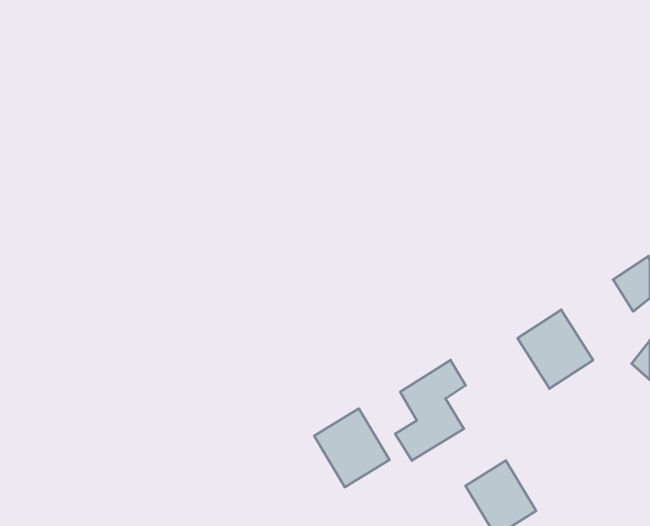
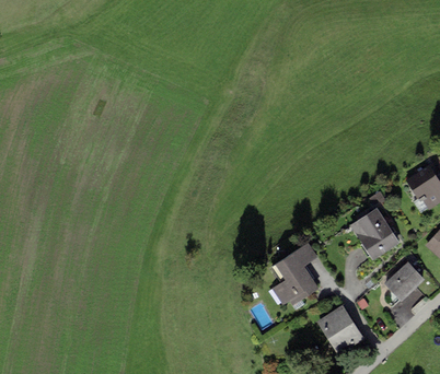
building: none -> [384,261,424,300]
building: [314,409,389,487] -> none

